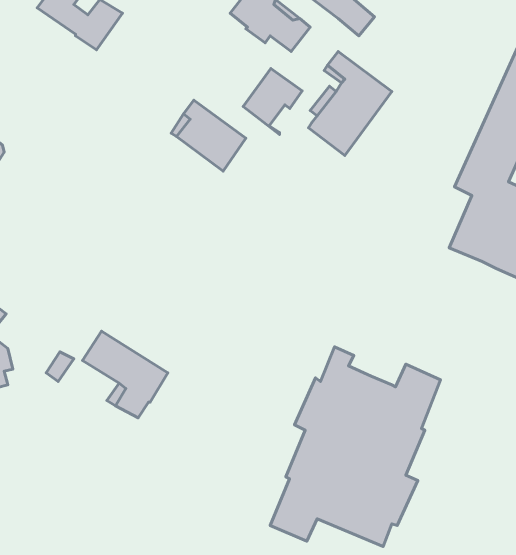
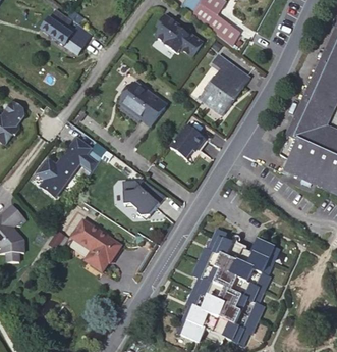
building: [243,68,302,134] -> [171,123,206,162]
building: none -> [37,136,100,196]
building: none -> [123,178,165,217]

